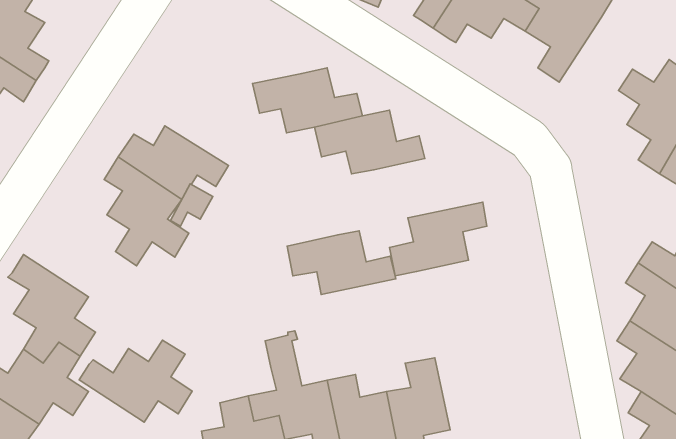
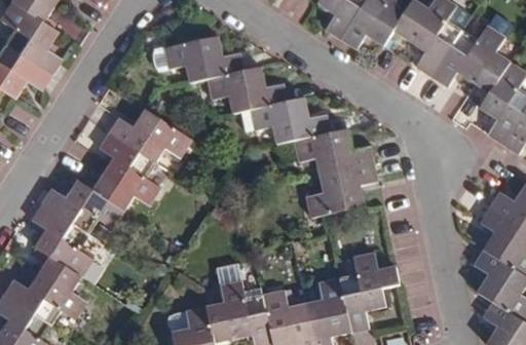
building: none -> [430,25,511,86]
building: none -> [151,36,243,81]
building: [287,231,396,294] -> [296,128,375,175]
building: none -> [340,251,400,329]
building: [79,340,192,422] -> [41,172,123,232]

